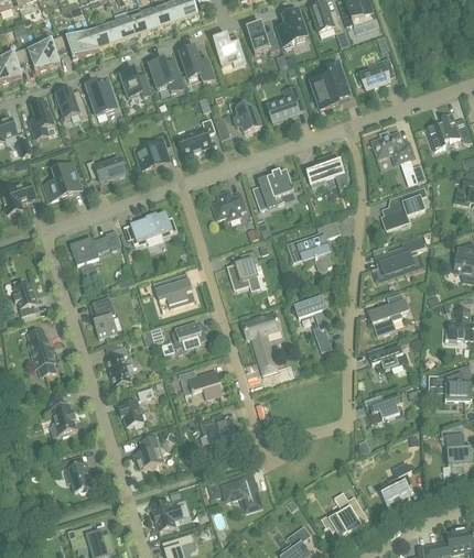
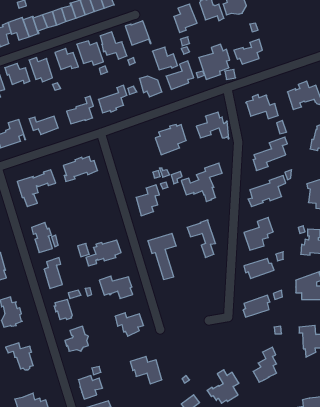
building: [245,22,278,52] -> [152,47,178,70]
building: [211,188,245,218] -> none
building: [152,275,194,310] -> none

